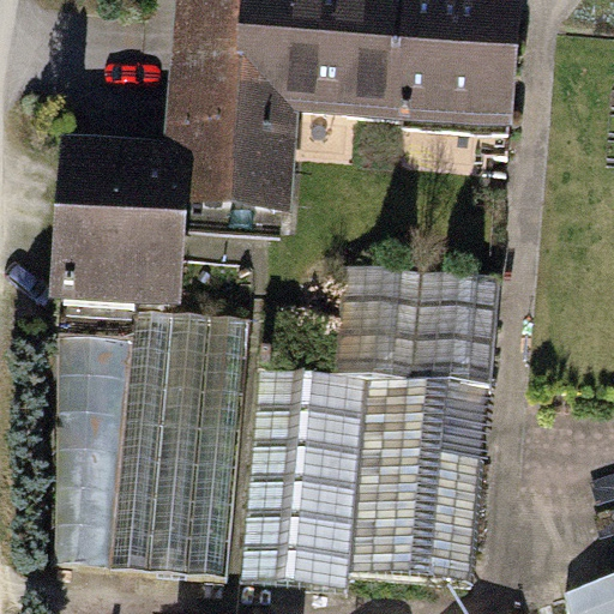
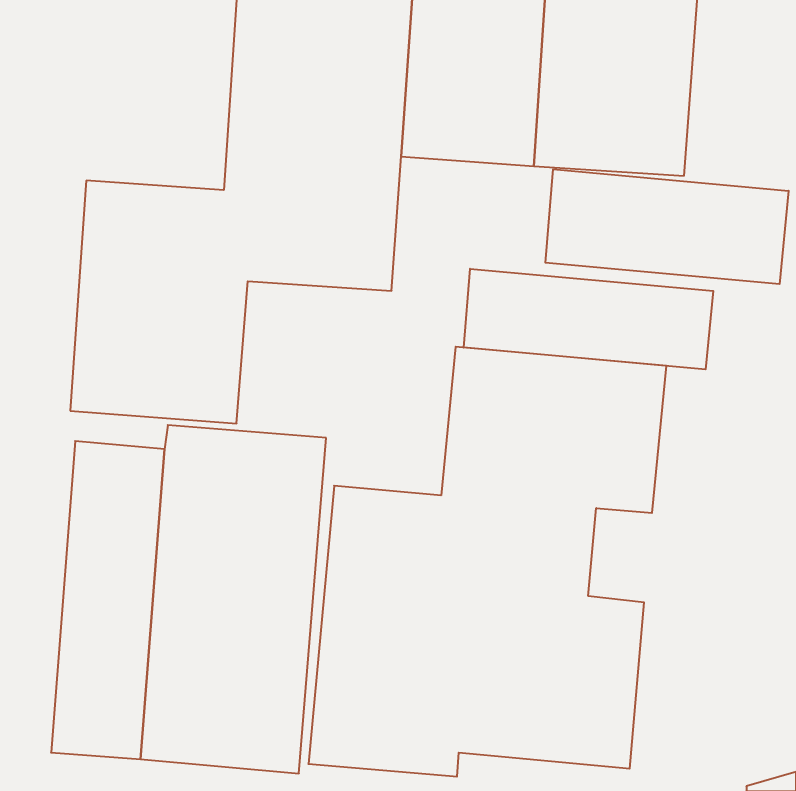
building: none -> [545,169,789,284]
building: none -> [464,269,713,369]

